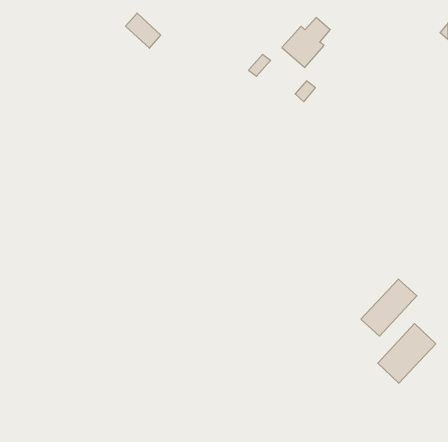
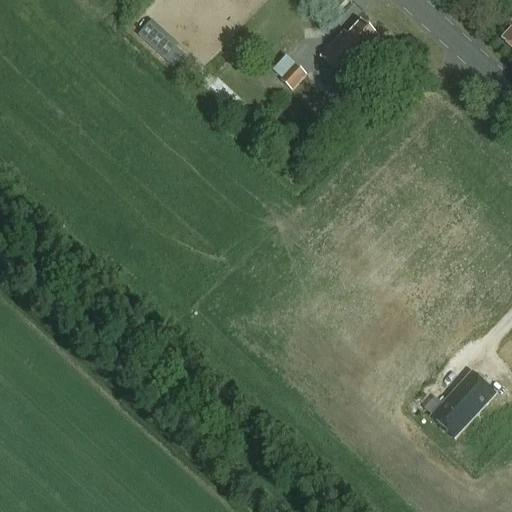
building: [361,279,417,336] -> none

